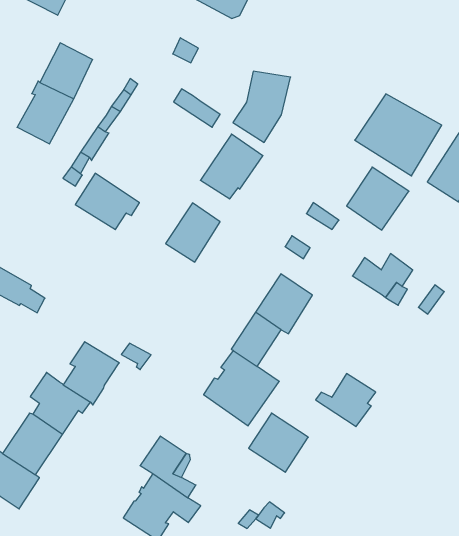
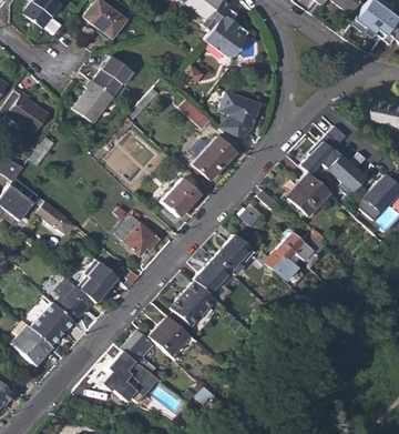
building: [75,173,139,230] -> [116,215,160,255]
building: [316,374,376,427] -> [259,243,300,280]
building: [249,413,308,472] -> [149,315,190,356]

